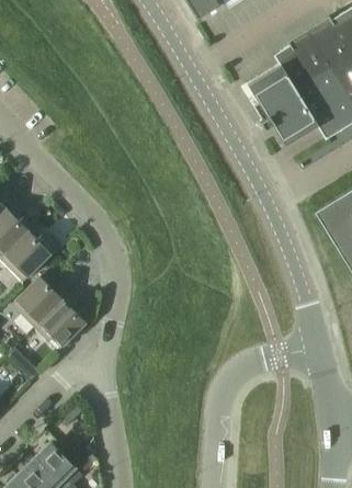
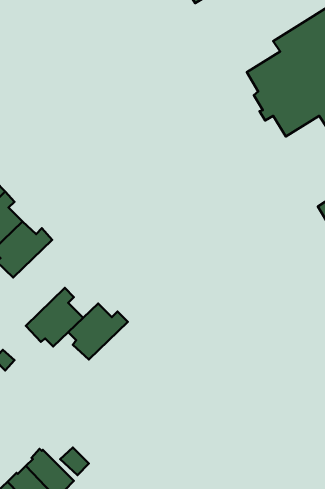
building: [16,273,73,327] -> [68,303,128,360]

